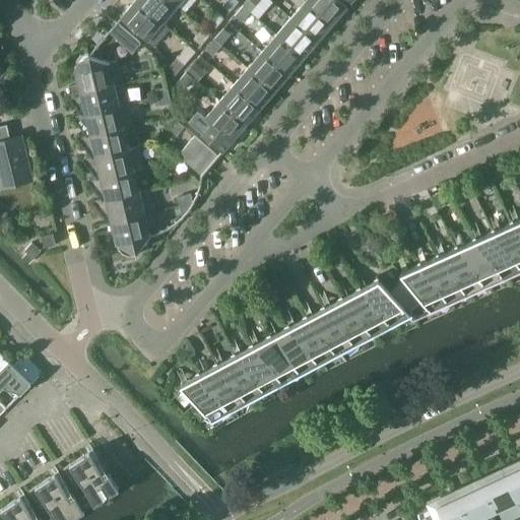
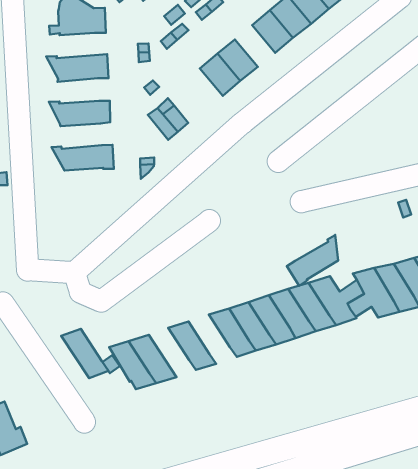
building: [248,55,288,93] -> none
building: [66,86,129,119] -> none
building: [202,105,246,154] -> none
building: [76,131,129,161] -> none
building: [86,174,139,204] -> none
building: [108,215,149,259] -> none
building: none -> [287,235,338,286]
building: [251,337,303,383] -> none
building: [215,356,266,402] -> [61,329,109,378]

